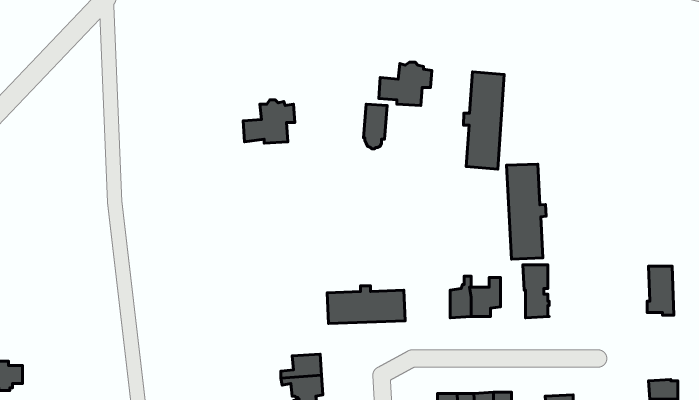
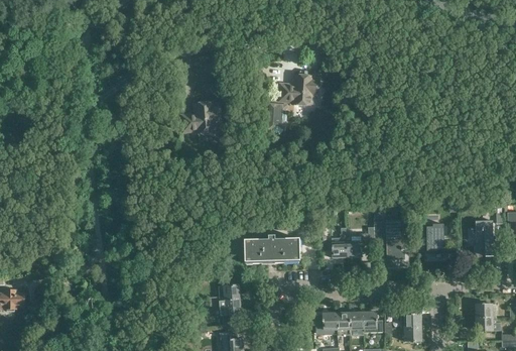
building: [463,72,504,169] -> none
building: [507,164,546,259] -> none
building: none -> [419,224,443,256]

